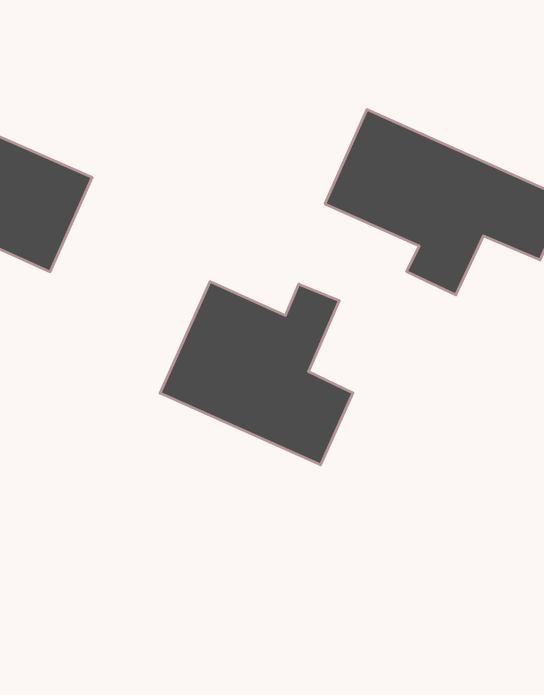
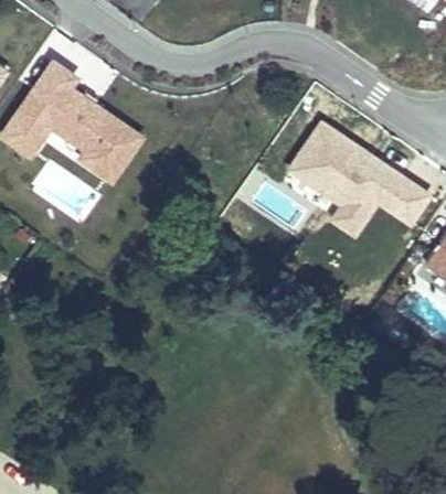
building: [160,282,353,465] -> none

